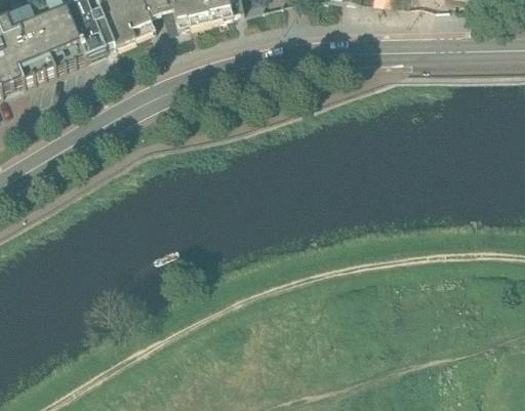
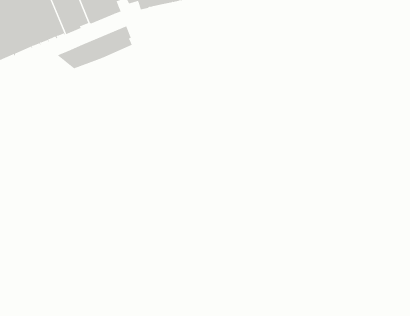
building: none -> [56,26,133,69]

